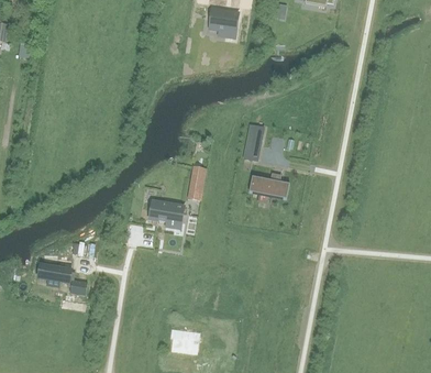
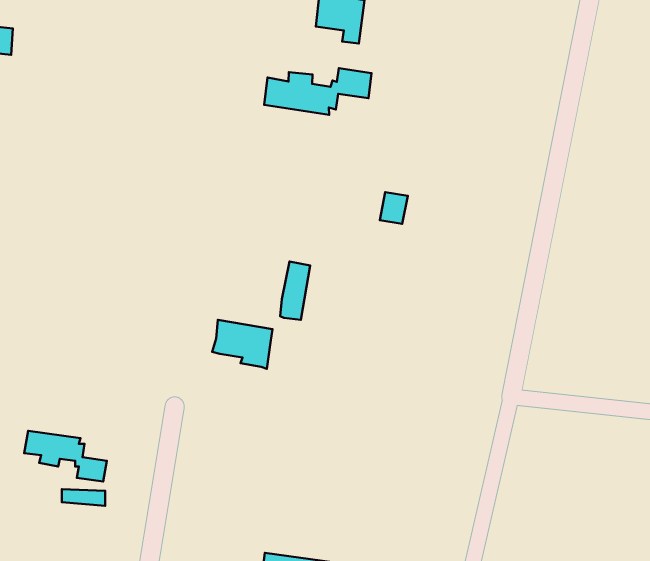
building: none -> [264,68,371,115]
building: [250,174,288,198] -> none

